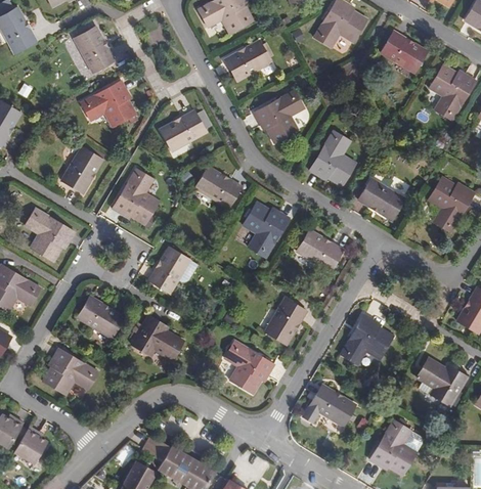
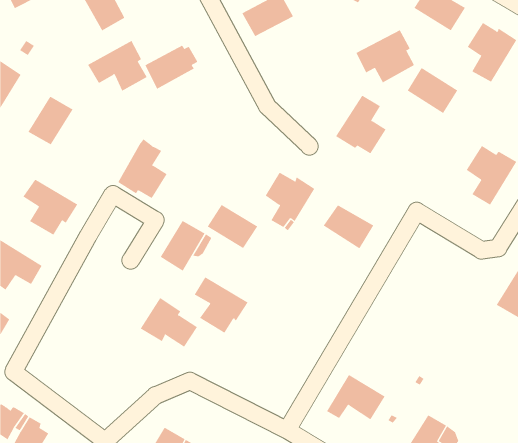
building: [252,86,306,135] -> [356,29,415,83]
building: [160,110,209,151] -> [145,45,198,90]
building: [59,146,101,191] -> [28,96,73,145]
building: [193,166,240,207] -> [207,204,258,249]
building: [356,176,403,219] -> [407,67,458,114]
building: [75,296,122,337] -> none
building: [264,301,304,346] -> none
building: [339,317,393,367] -> none
building: [223,342,273,394] -> [194,277,248,334]
building: [42,346,97,391] -> none
building: [417,359,468,409] -> none

